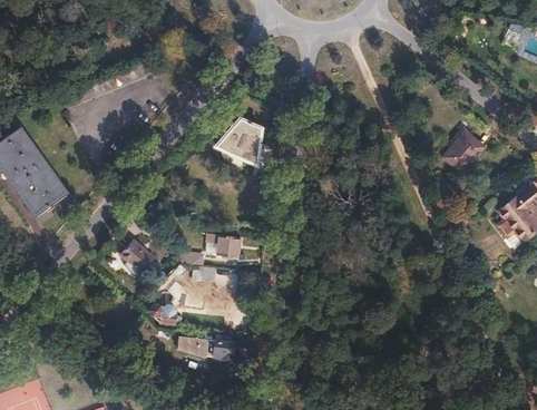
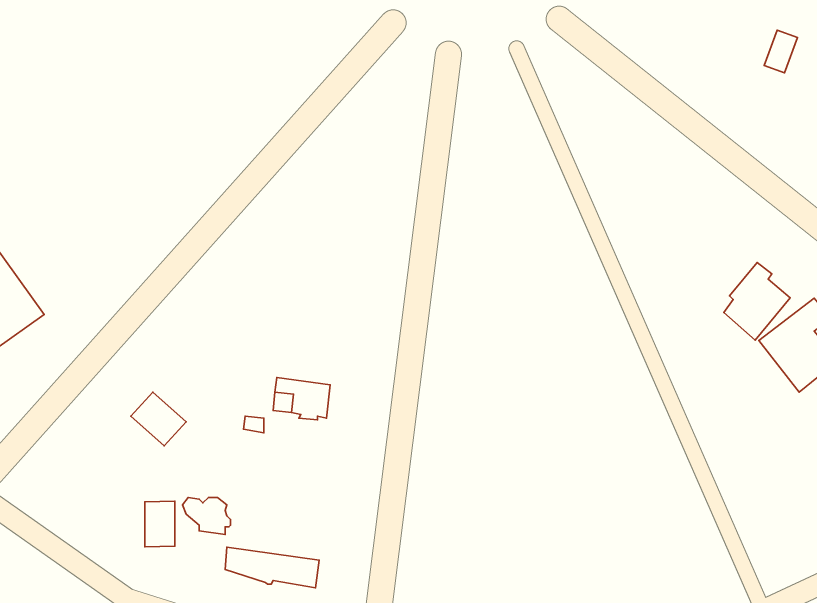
building: [215,118,261,164] -> none
building: [443,126,484,173] -> [724,263,790,340]
building: none -> [145,501,175,547]

